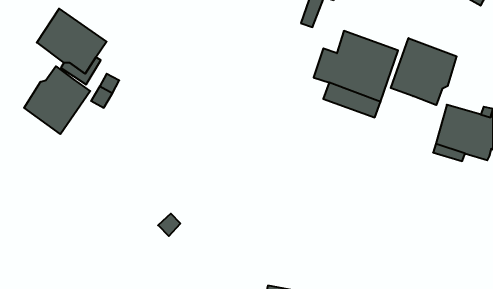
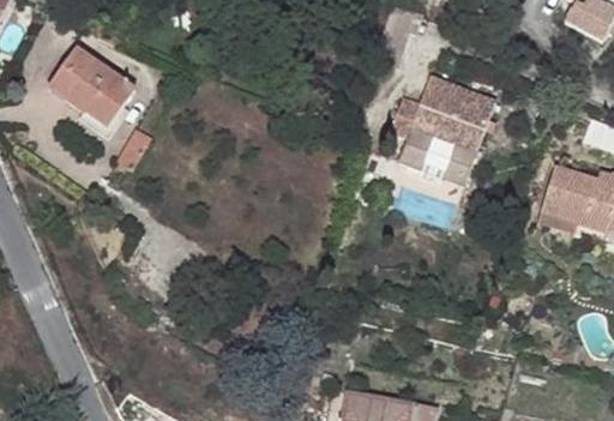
building: [391,38,457,105] -> none
building: [24,66,90,134] -> none

